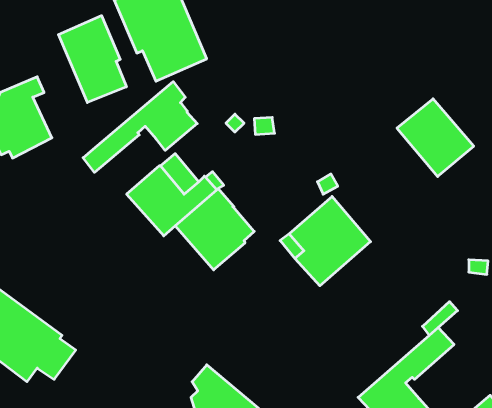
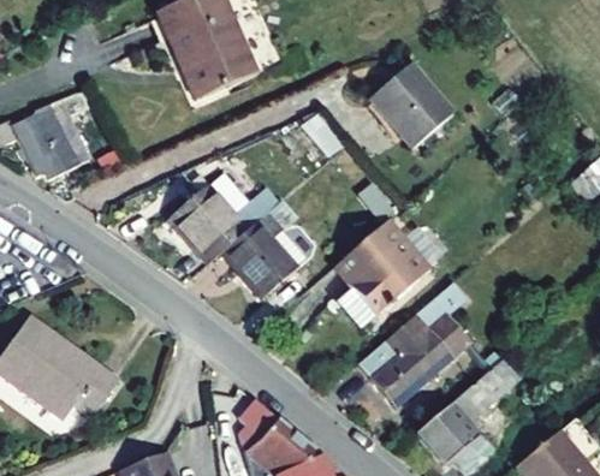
building: [58,16,126,103] -> none
building: [83,82,197,172] -> none
building: [397,99,474,177] -> [370,65,452,148]
building: none -> [360,282,470,406]

